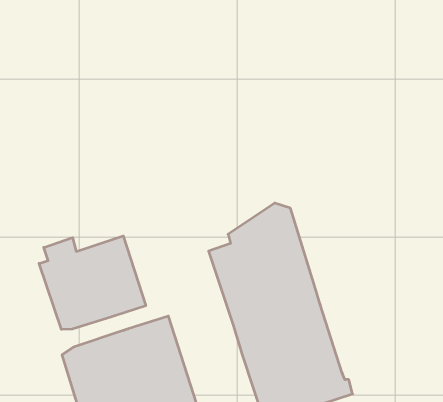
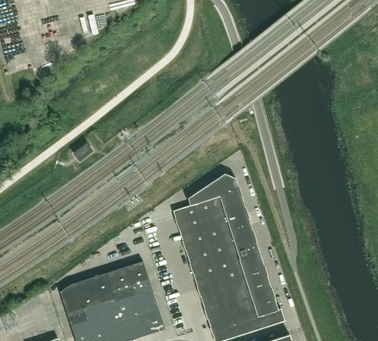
building: [39,236,146,329] -> none

